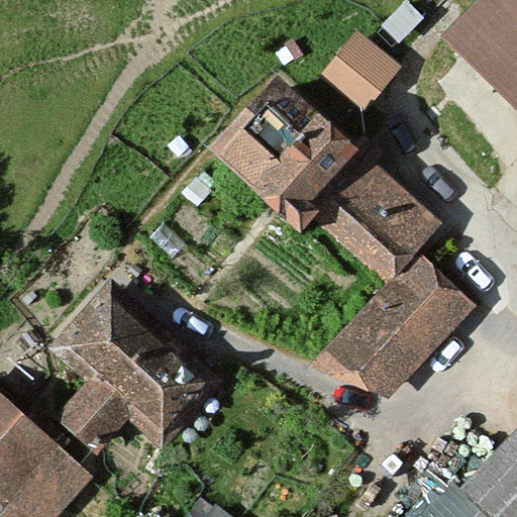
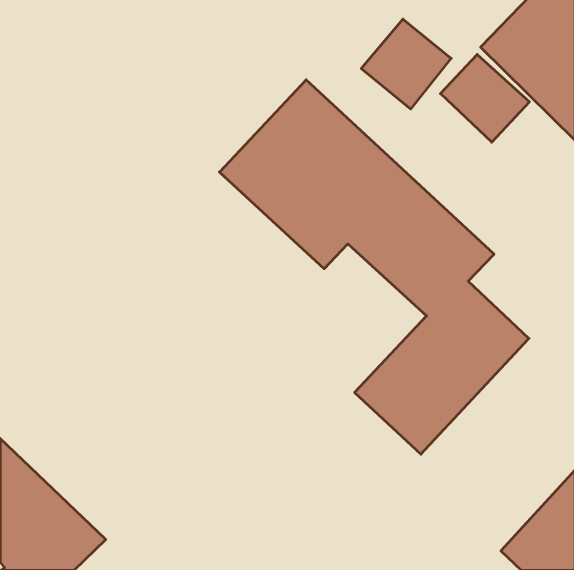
building: none -> [440,54,529,142]
building: [53,289,220,455] -> none

